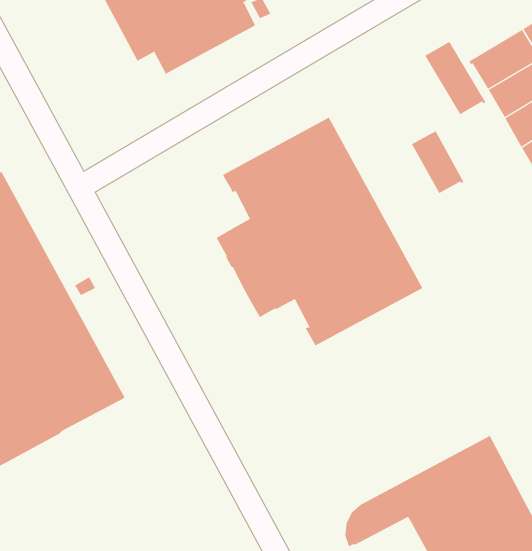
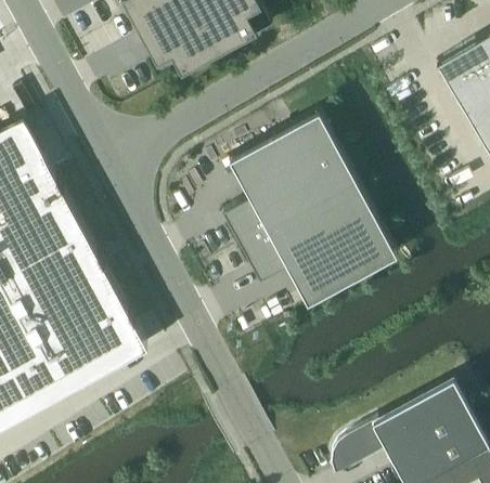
building: [424,41,486,115] -> none
building: [411,131,464,194] -> none

